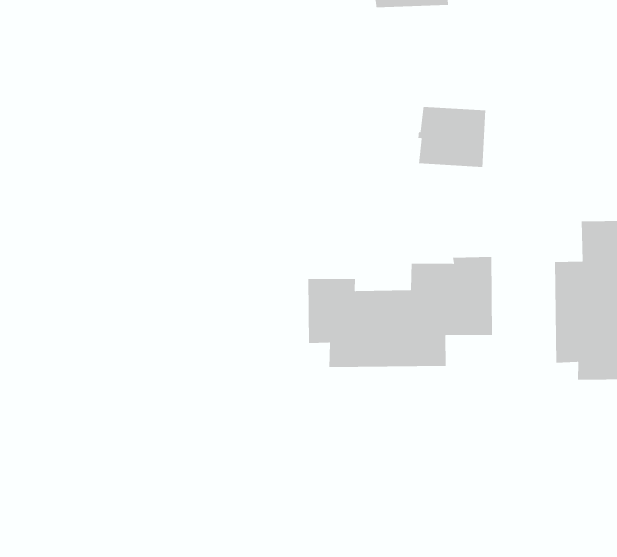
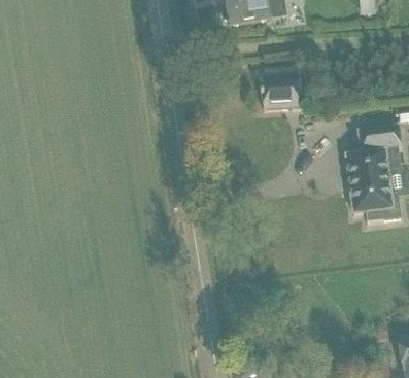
building: [307,256,493,368] -> none

